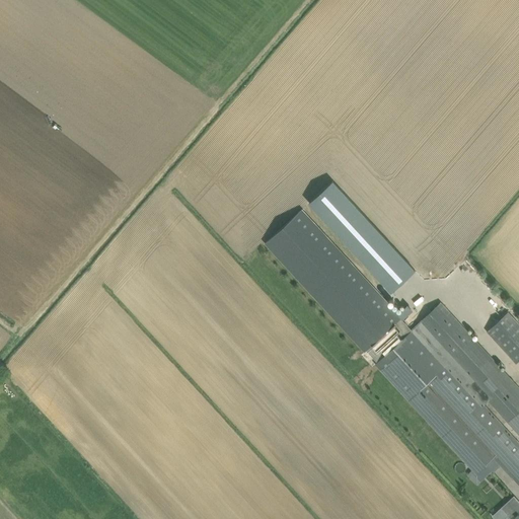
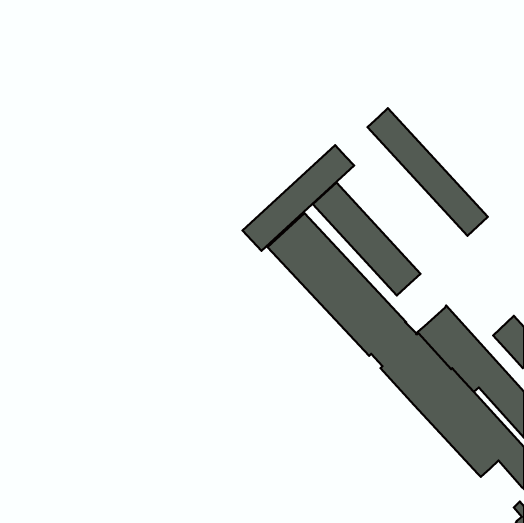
building: none -> [367,108,488,236]
building: none -> [243,145,354,251]

